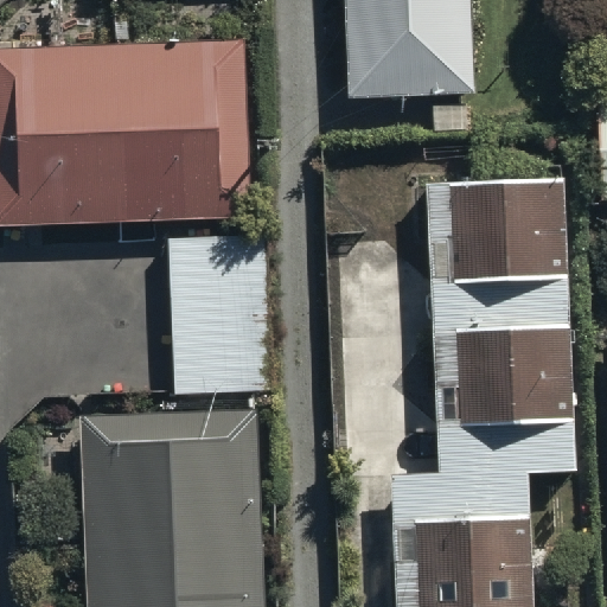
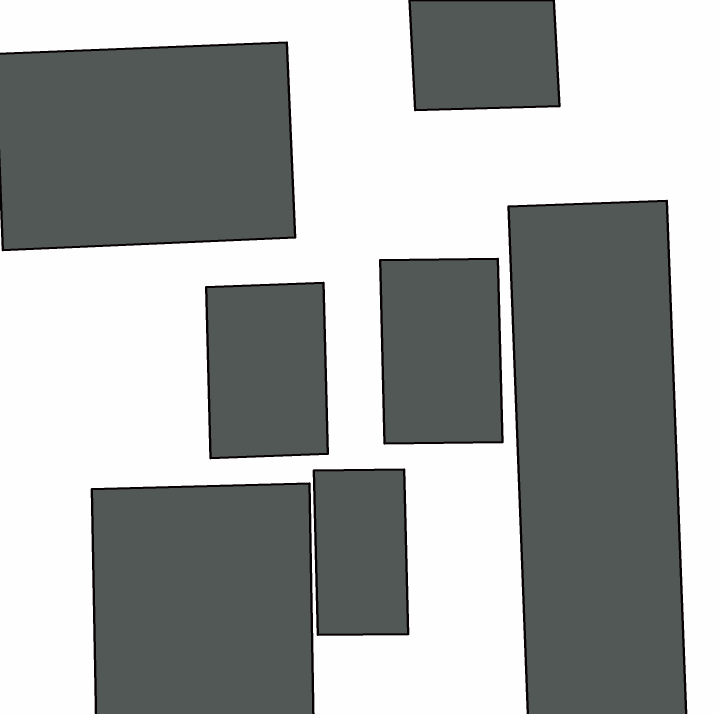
building: none -> [380,259,502,444]
building: none -> [314,469,408,635]

